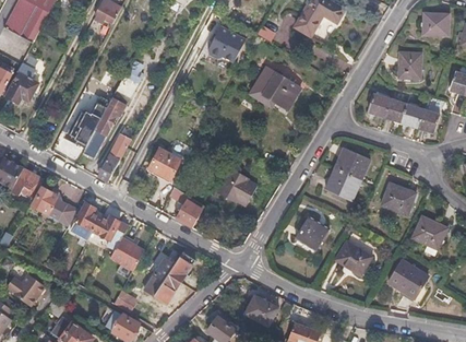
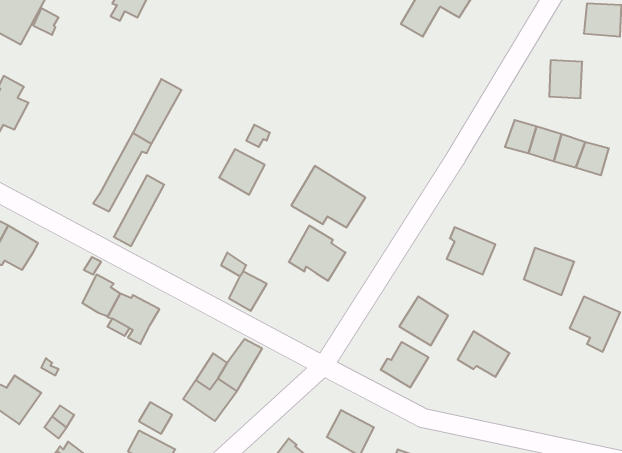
building: [208,24,247,61] -> none
building: [250,66,301,108] -> [291,166,365,227]
building: [70,103,108,145] -> none
building: [148,148,180,179] -> [219,149,265,195]
building: [333,150,370,180] -> none
building: [31,186,79,226] -> none
building: [111,236,146,269] -> none
building: none -> [381,342,428,388]
building: [389,260,428,298] -> none

